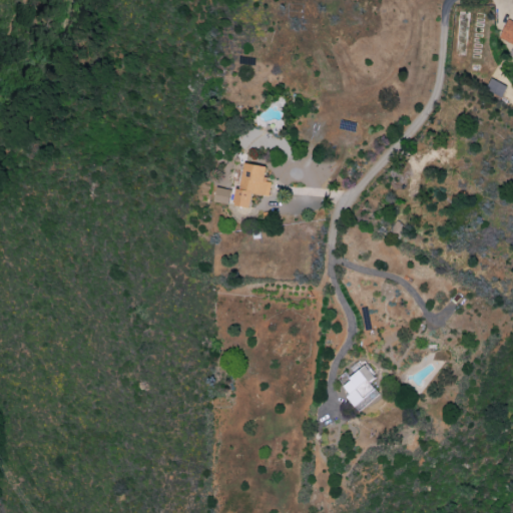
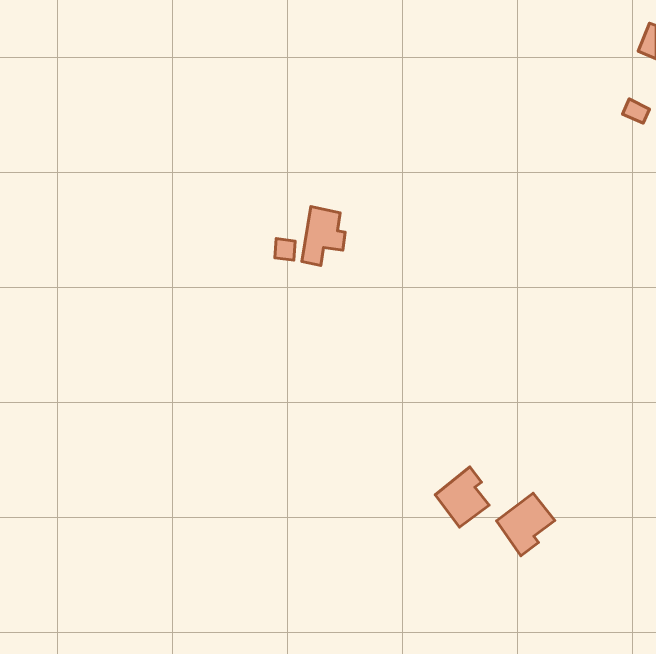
building: none -> [497,493,555,556]

